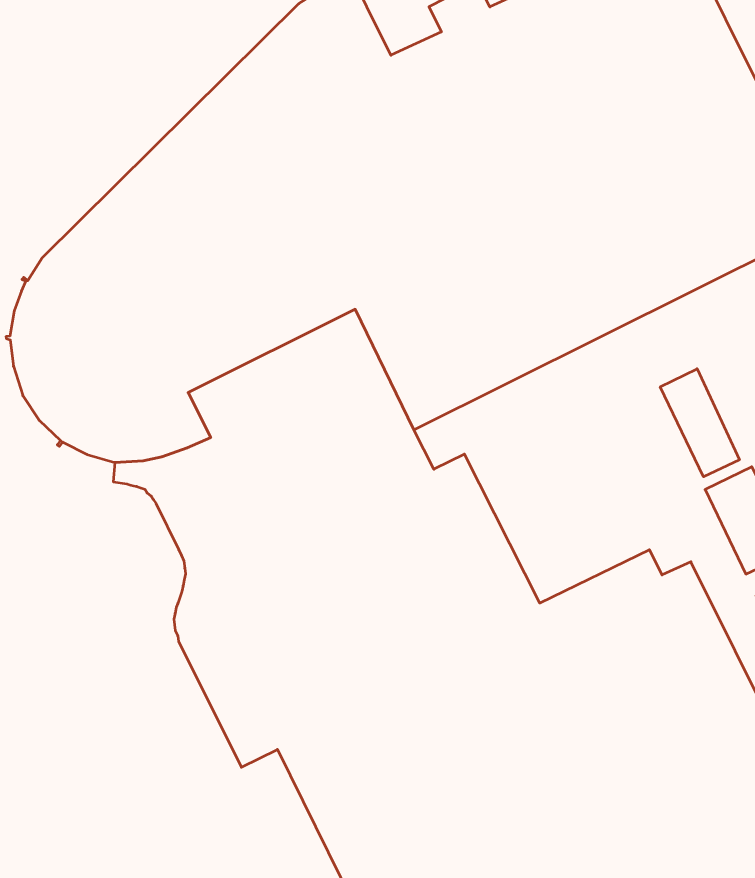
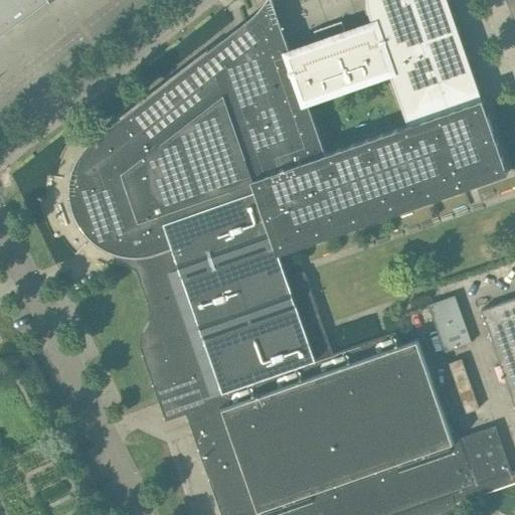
building: [660,369,739,477] -> none

